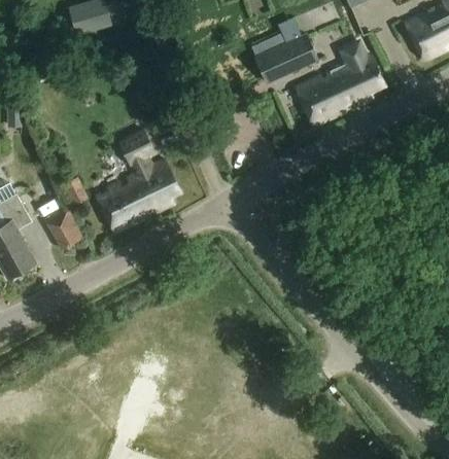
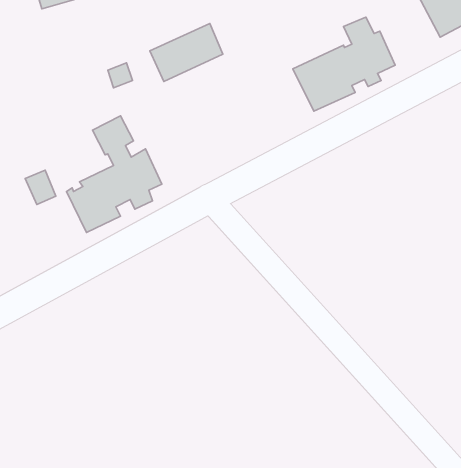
building: [254,33,318,83] -> [150,24,223,81]
building: [45,208,84,250] -> none

